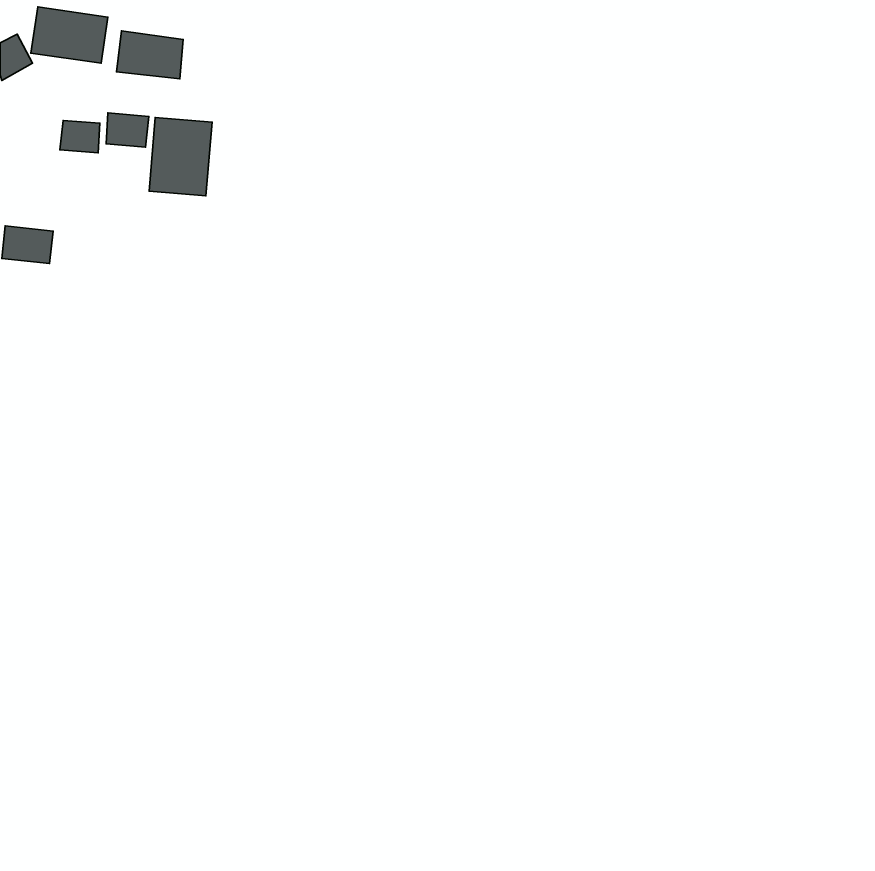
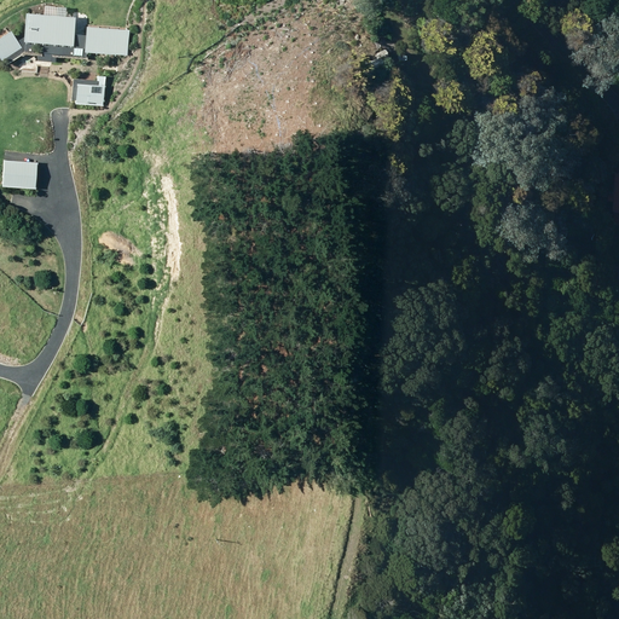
building: [149,117,212,196] -> none
building: [60,120,100,153] -> none

